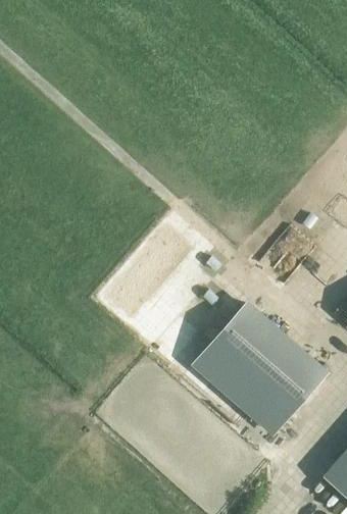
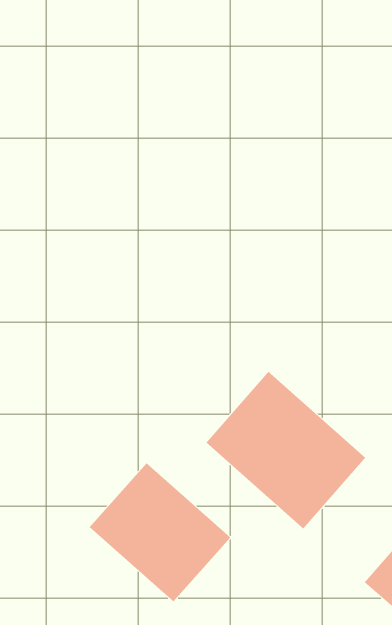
building: none -> [89,463,231,602]

